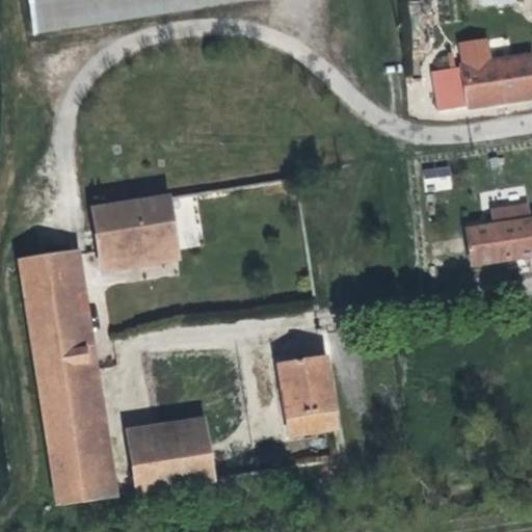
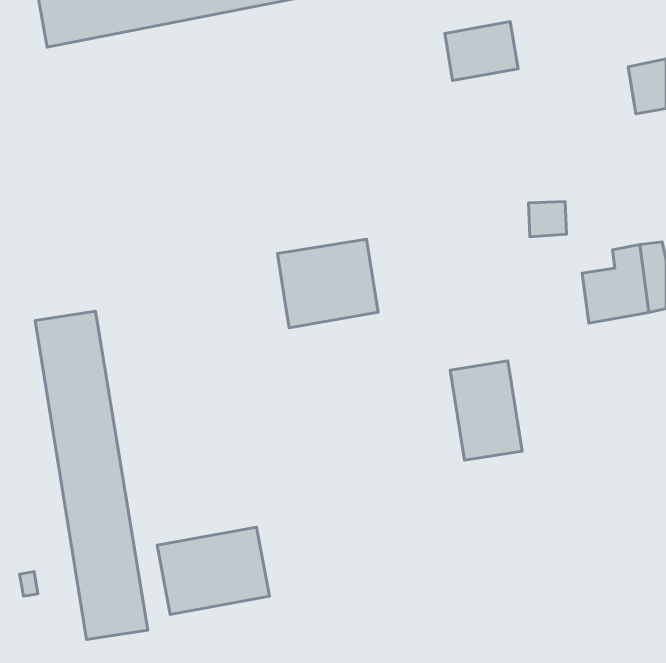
building: [447,53,505,100] -> [445,22,518,80]
building: [101,192,181,263] -> [277,239,378,328]
building: [277,357,335,436] -> [450,361,522,460]

